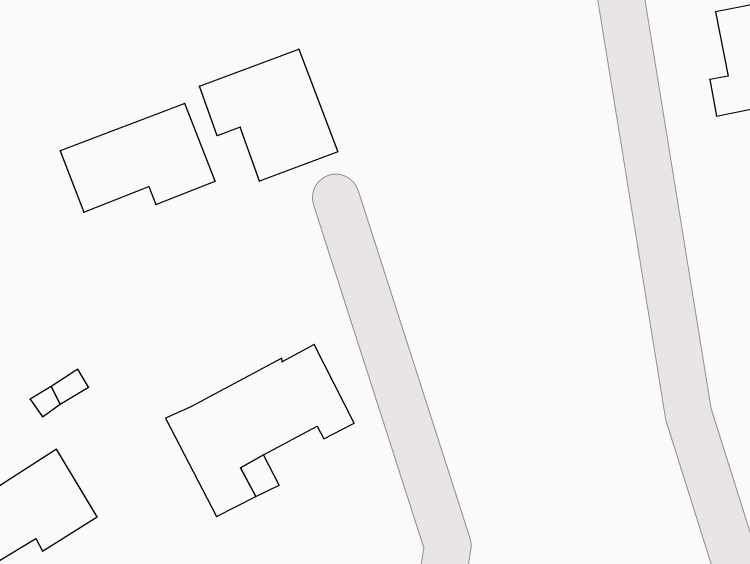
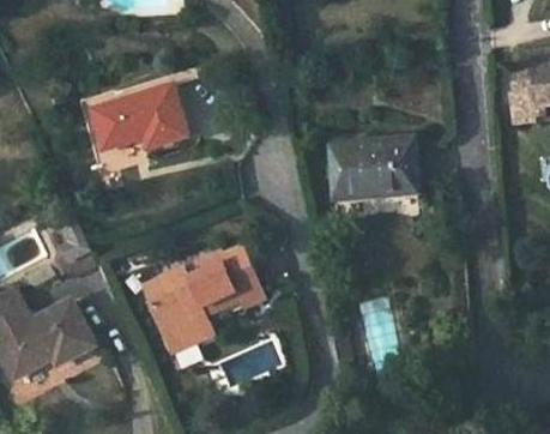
building: [199,49,338,181] -> none
building: none -> [328,135,418,197]

